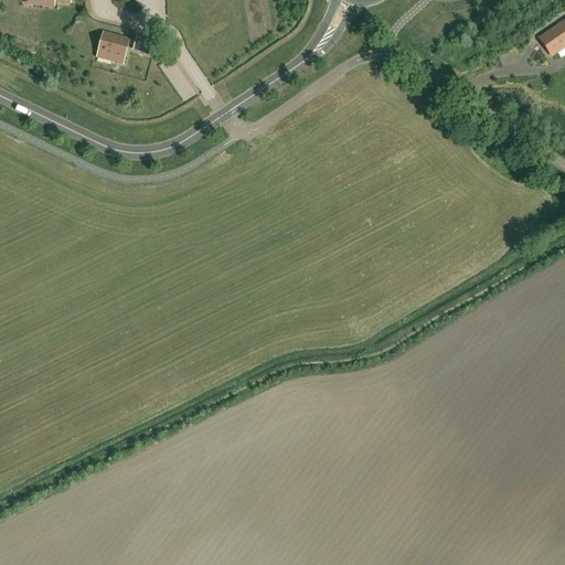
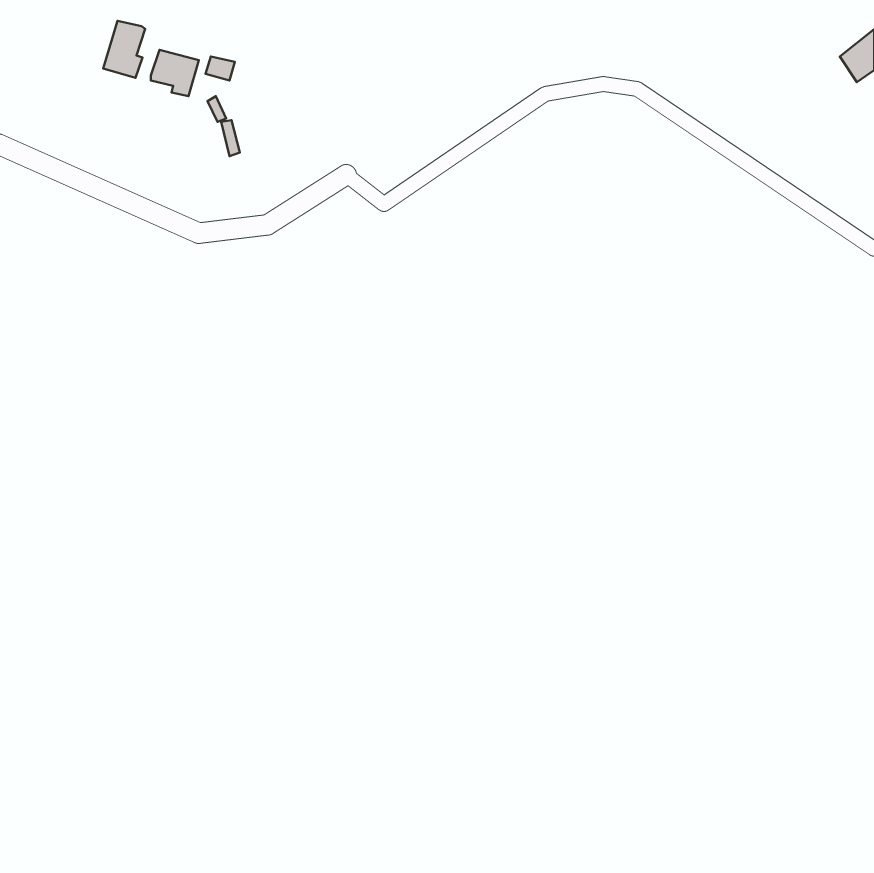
building: none -> [103,21,145,78]

